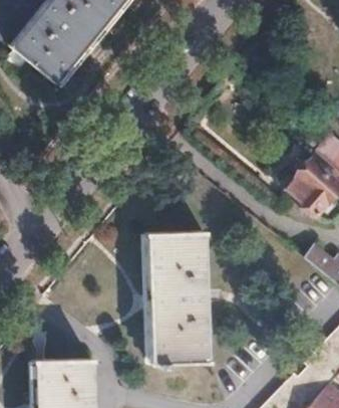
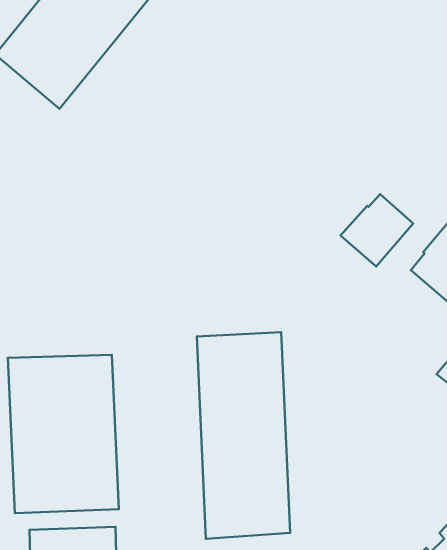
building: none -> [341,194,413,267]
building: none -> [8,355,119,513]

